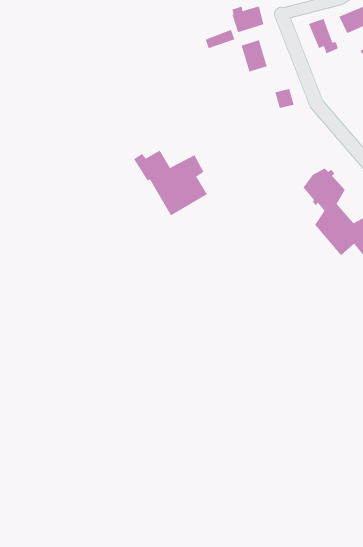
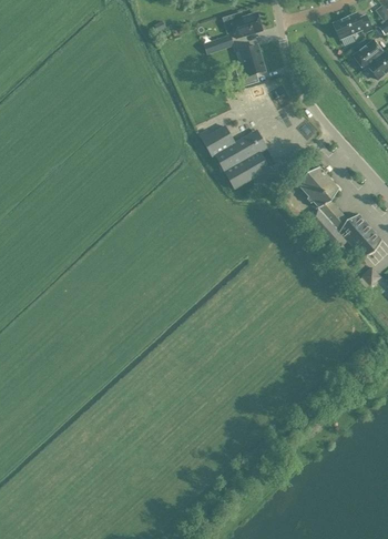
building: [308,18,339,54] -> none
building: [133,150,208,216] -> [198,125,269,189]

